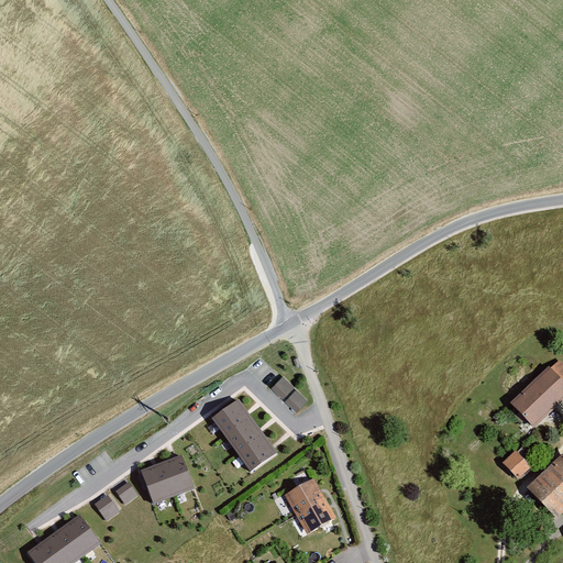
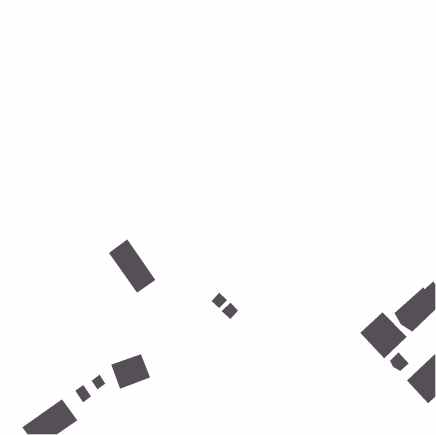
building: [213,398,276,470] -> [108,238,156,294]
building: none -> [359,311,408,359]
building: [282,481,333,537] -> none

